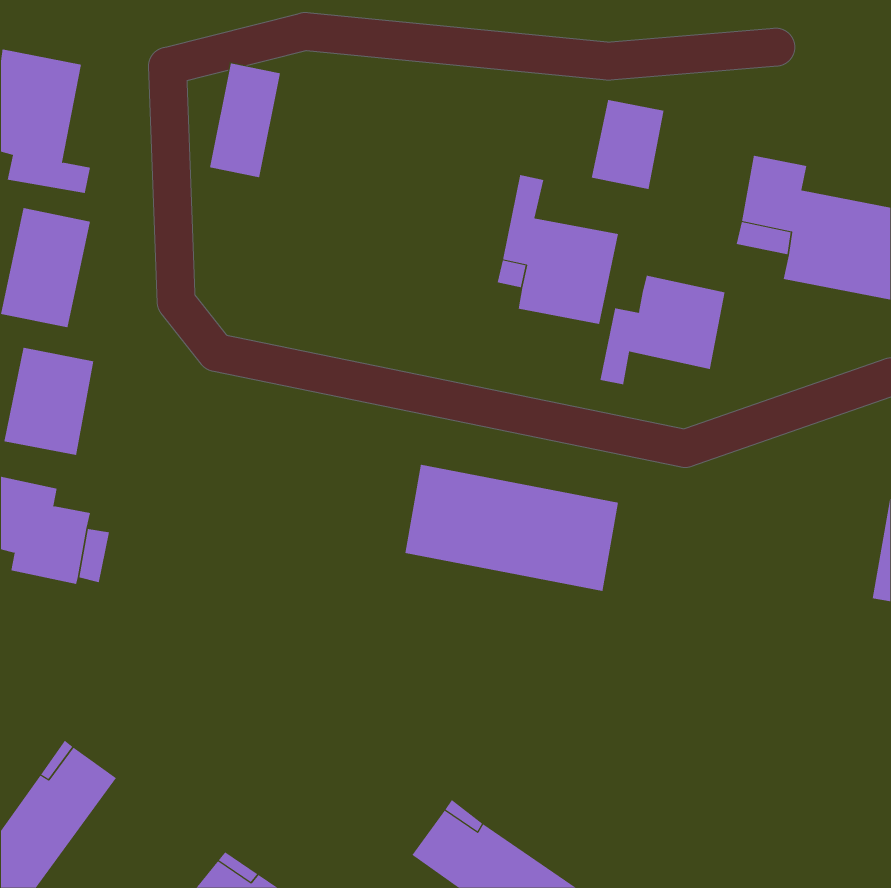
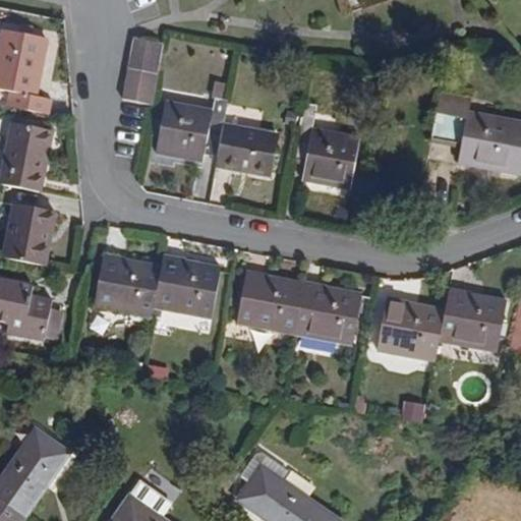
building: [591,99,664,190] -> none
building: none -> [155,98,280,176]
building: [600,275,725,385] -> none
building: none -> [94,254,222,317]
building: none -> [377,289,507,360]

